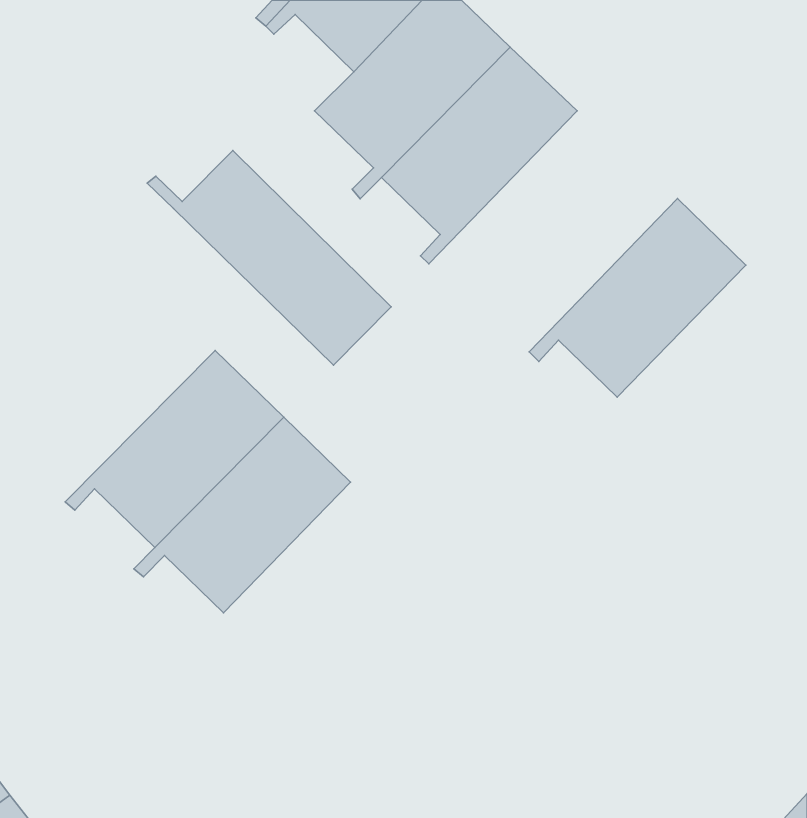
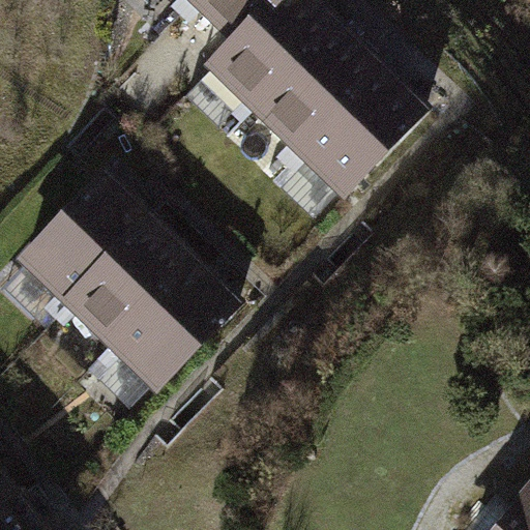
building: [147,151,391,365] -> none
building: [529,198,746,397] -> [272,80,410,206]
building: none -> [12,190,137,328]

